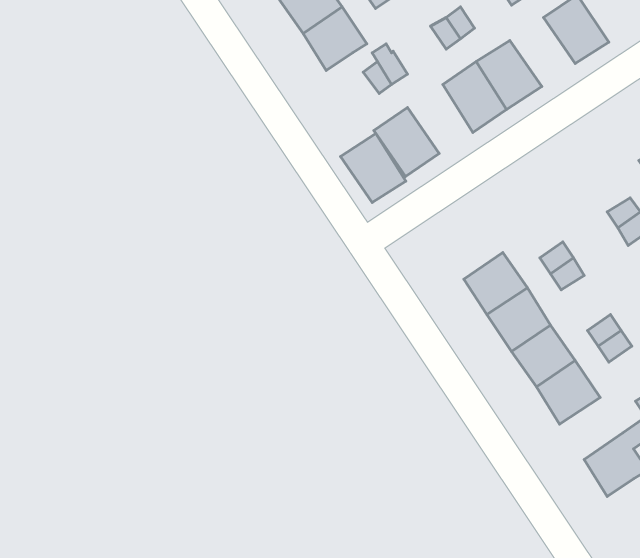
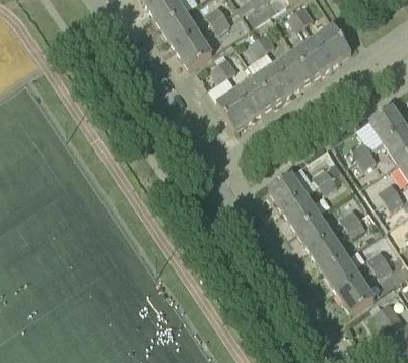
building: none -> [295,38,333,77]
building: [340,133,406,202] -> [236,76,274,116]
building: none -> [324,256,360,292]

